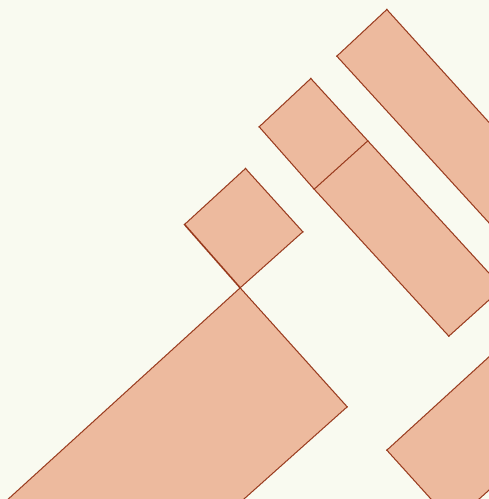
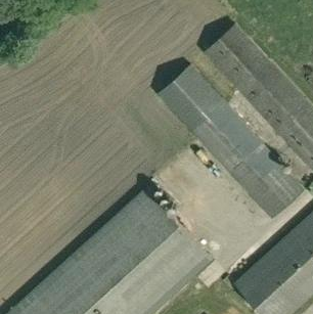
building: [185,168,303,288] -> none

